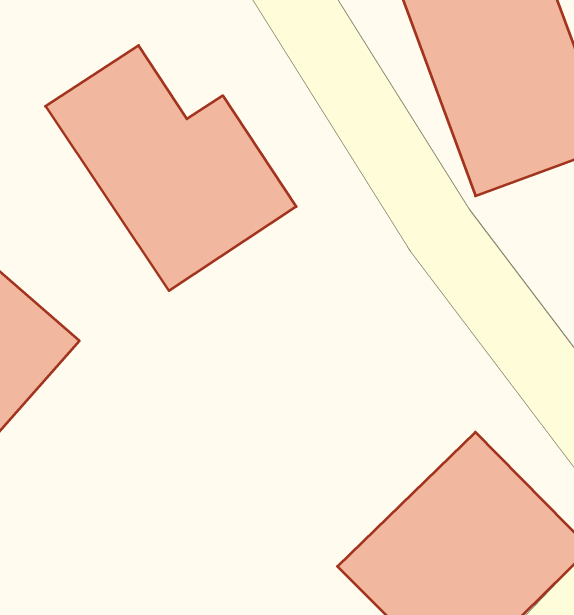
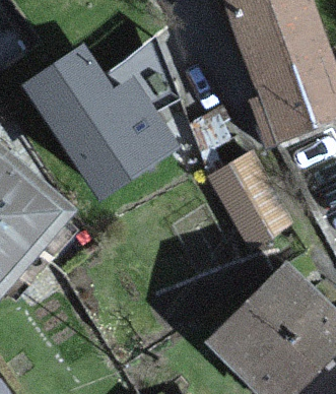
building: none -> [210,158,288,251]

